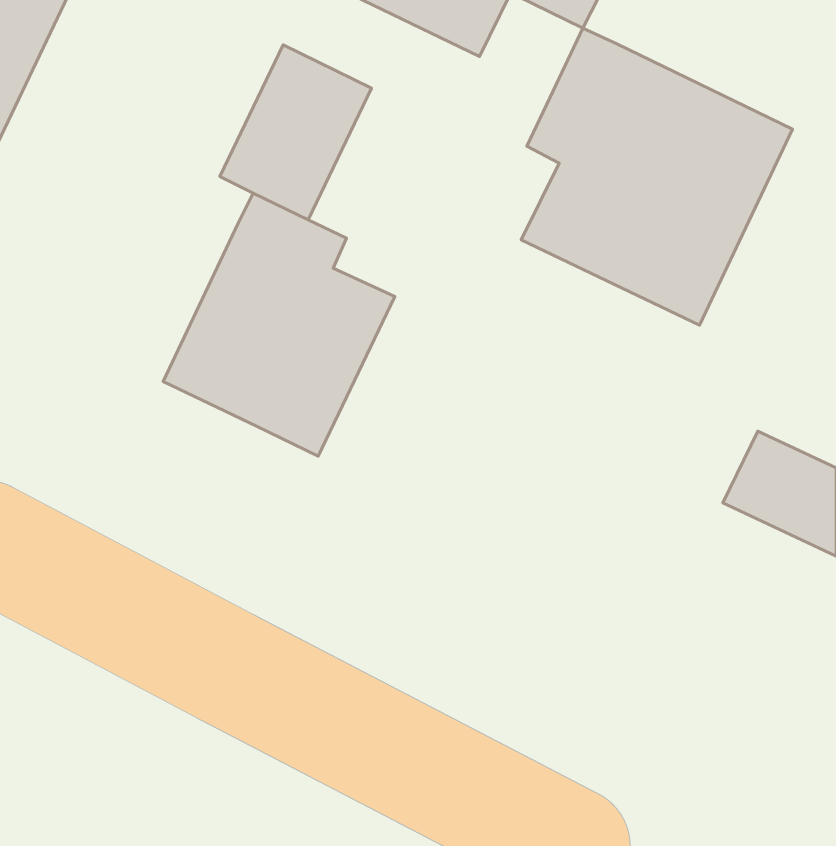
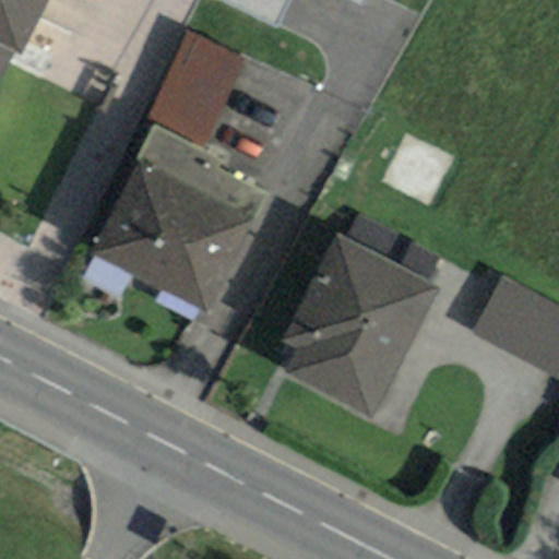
building: [521,28,793,325] -> none
building: none -> [287,245,423,390]

